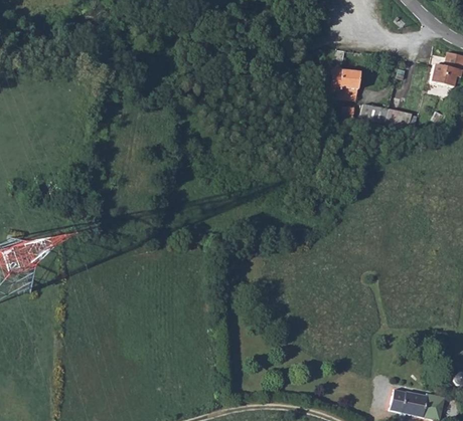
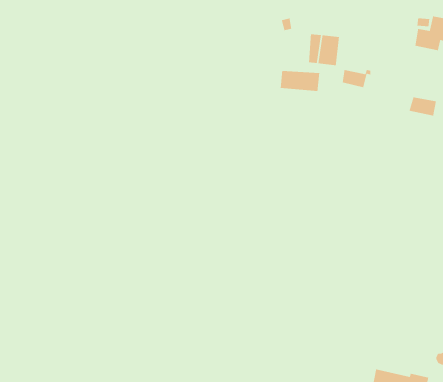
building: none -> [280,70,320,92]
building: [387,110,414,129] -> [409,97,437,117]

